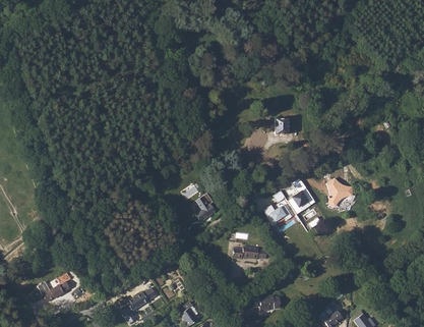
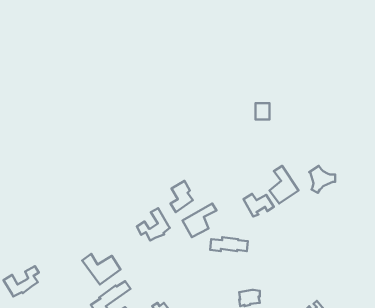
building: none -> [183,203,216,237]
building: none -> [137,208,170,240]
building: none -> [82,254,120,284]

